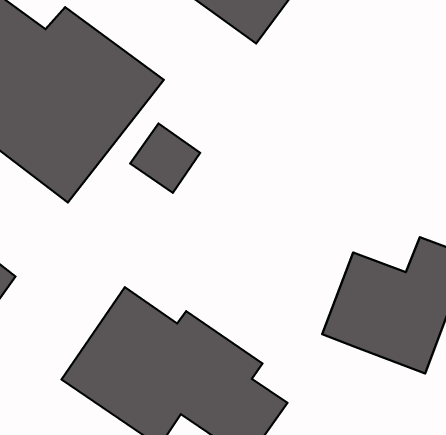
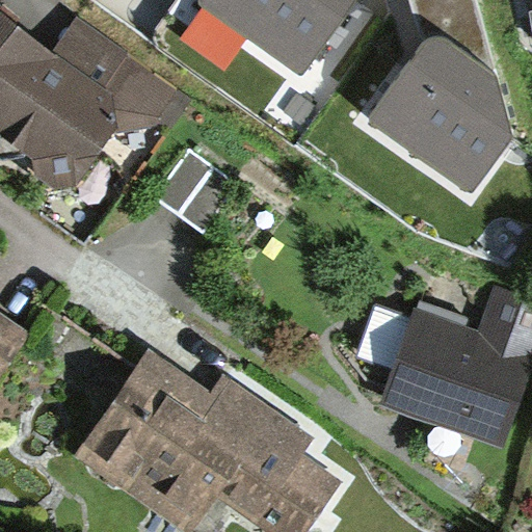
building: none -> [366,19,510,183]

